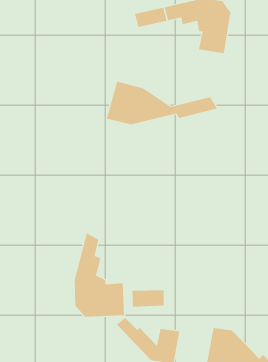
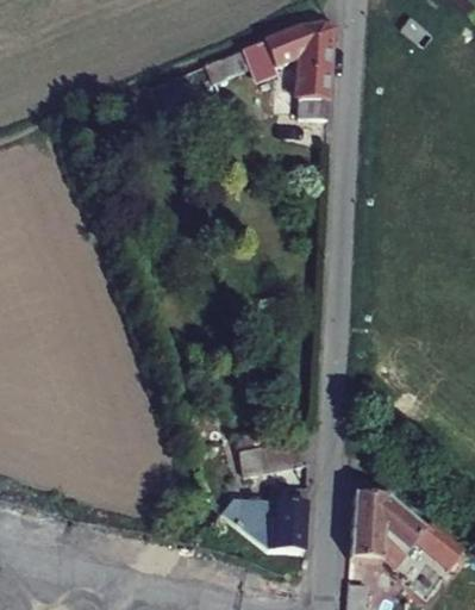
building: [106,81,218,125] -> none
building: [74,232,125,318] -> none

